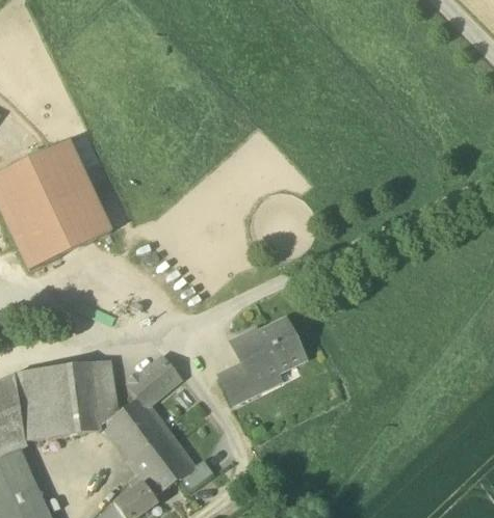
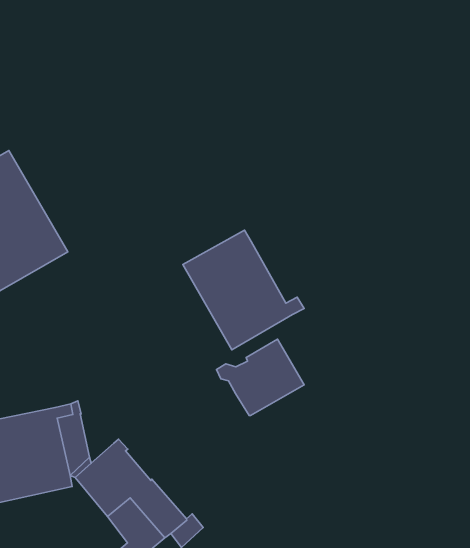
building: none -> [183,230,304,350]
building: [129,356,180,403] -> none
building: [219,362,261,404] -> none

